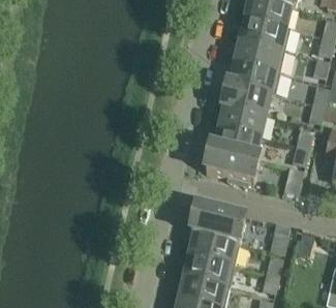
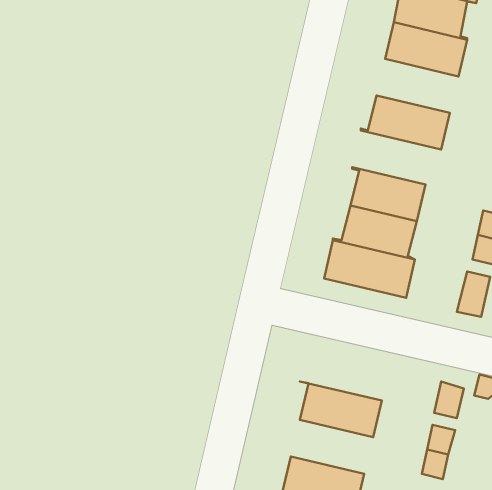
building: [236,40,284,72] -> none
building: [221,83,274,115] -> none
building: [190,209,244,243] -> none
building: [185,254,234,286] -> none

